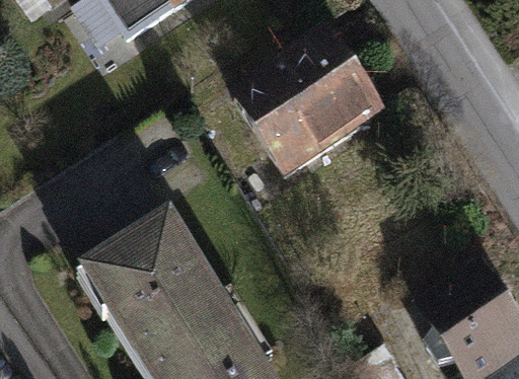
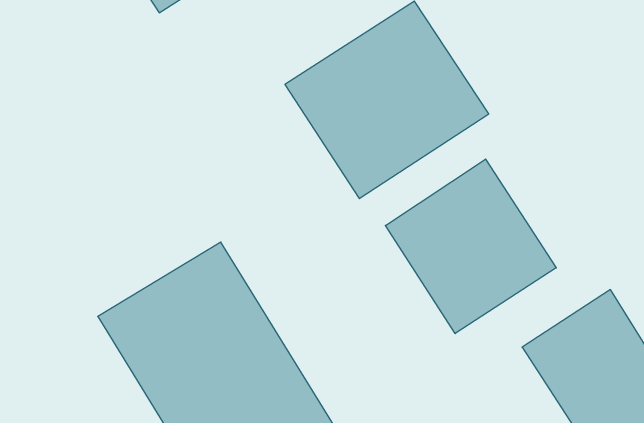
building: none -> [385,159,556,334]

